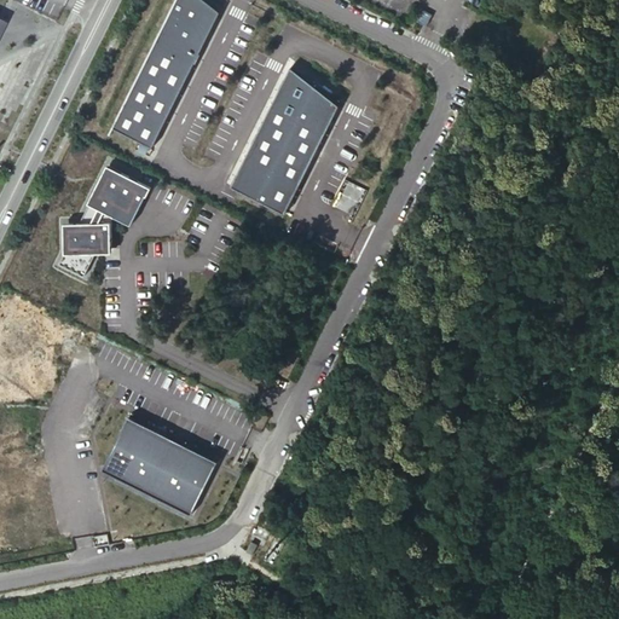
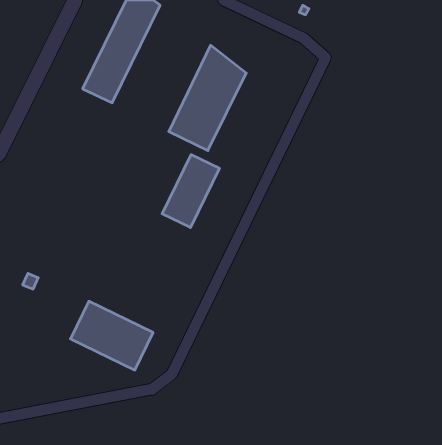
building: [54,168,145,277] -> none
building: none -> [162,155,219,228]

